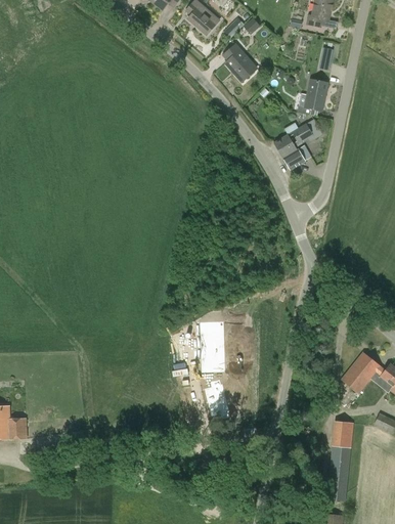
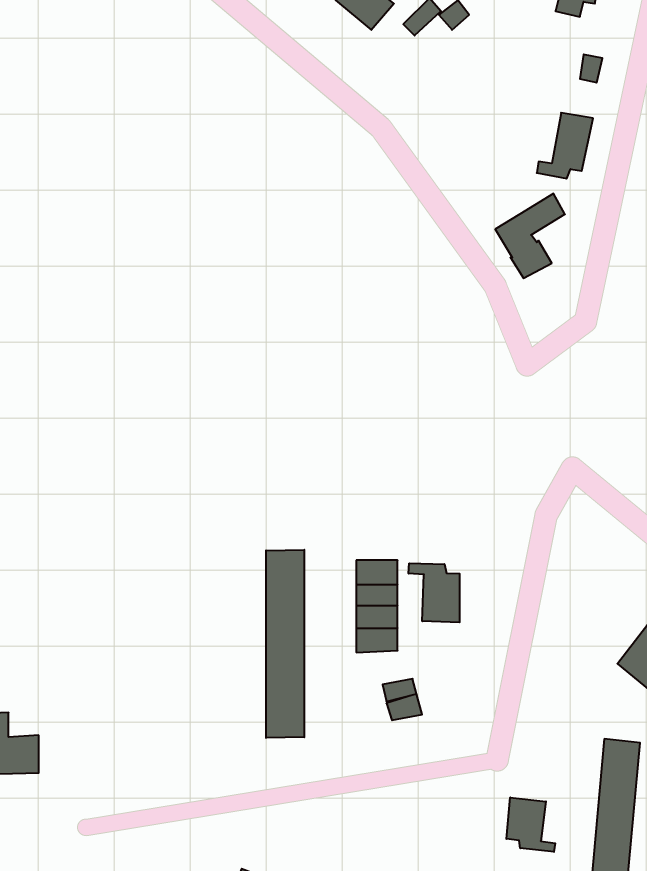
building: [222,42,256,79] -> none
building: none -> [266,550,304,738]
building: none -> [409,563,460,622]
building: none -> [506,797,555,852]

